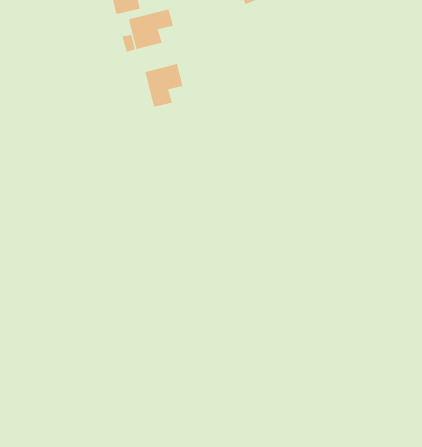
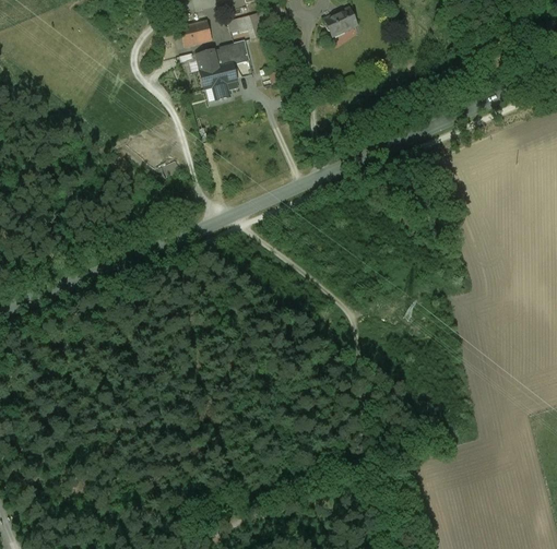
building: [145,63,183,108] -> none

